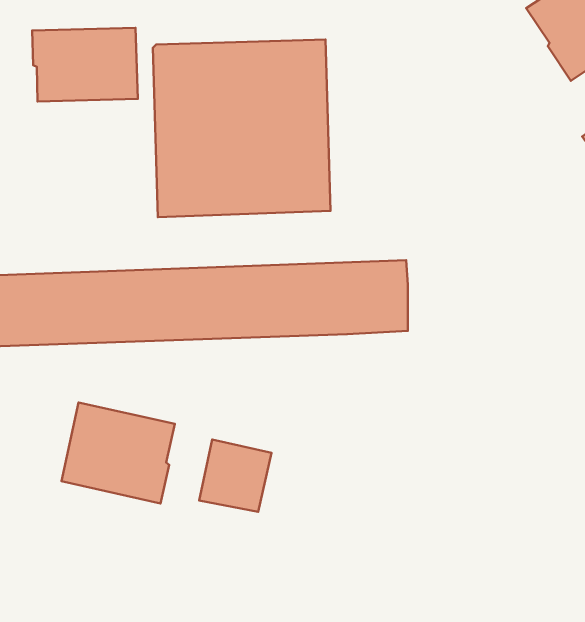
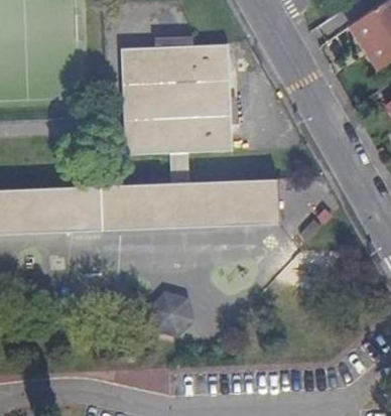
building: [32,28,138,102] -> none
building: [62,402,175,503] -> none

